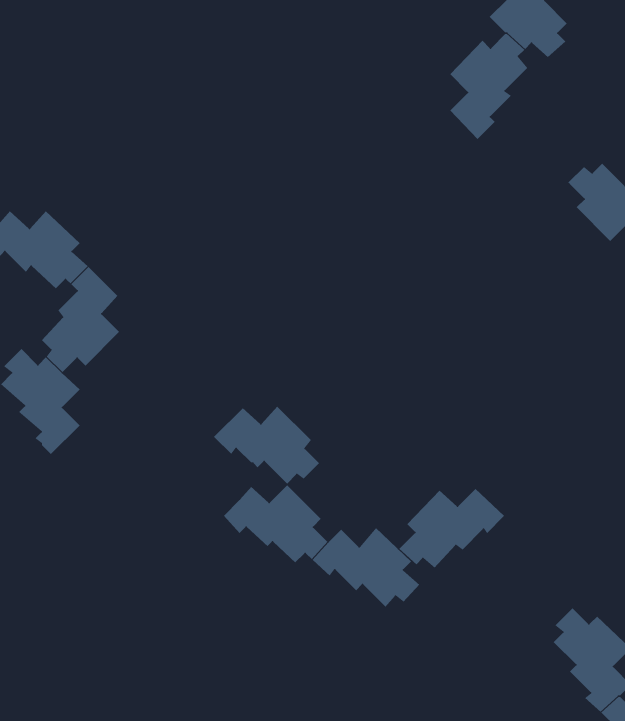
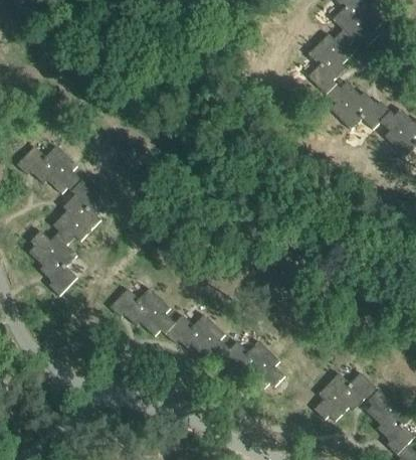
building: none -> [321,87,386,135]
building: [213,406,320,484] -> [110,285,175,333]
building: [398,488,505,568] -> [314,369,379,419]

